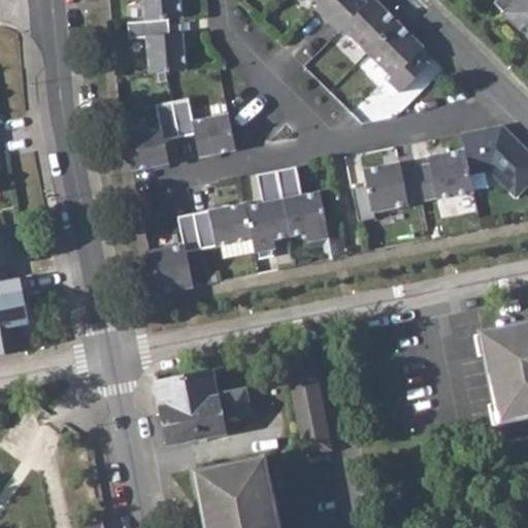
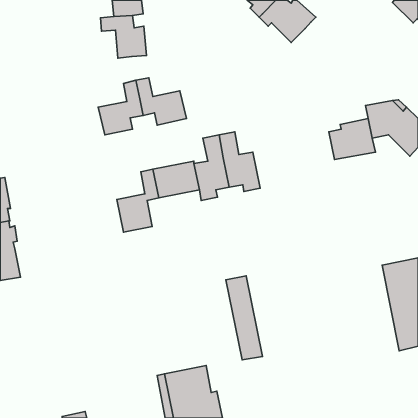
building: [367,22,428,92] -> none
building: [363,162,422,212] -> none
building: [156,371,250,443] -> none

